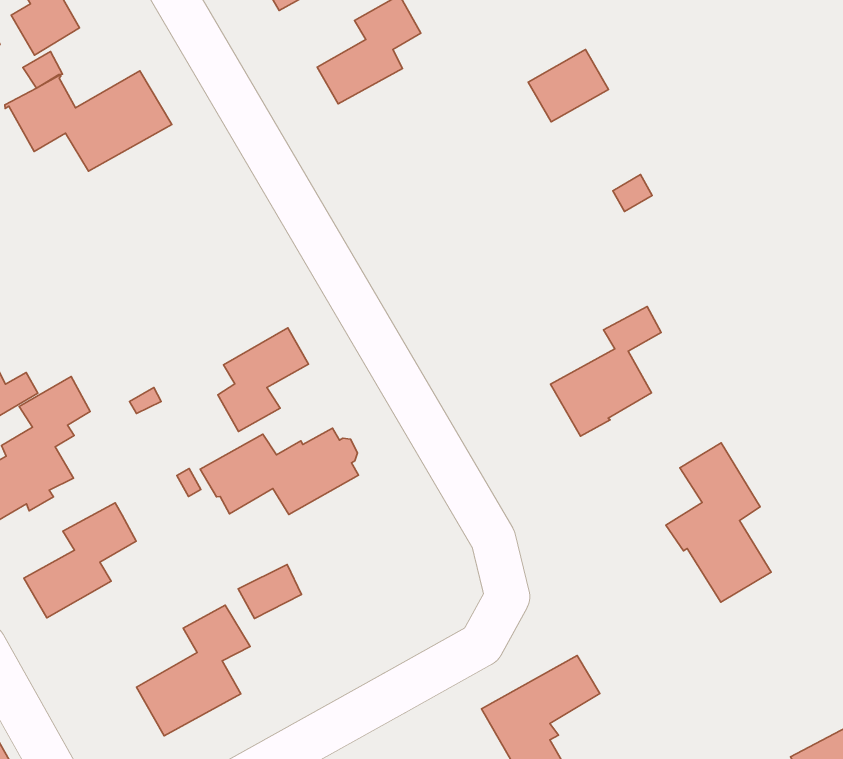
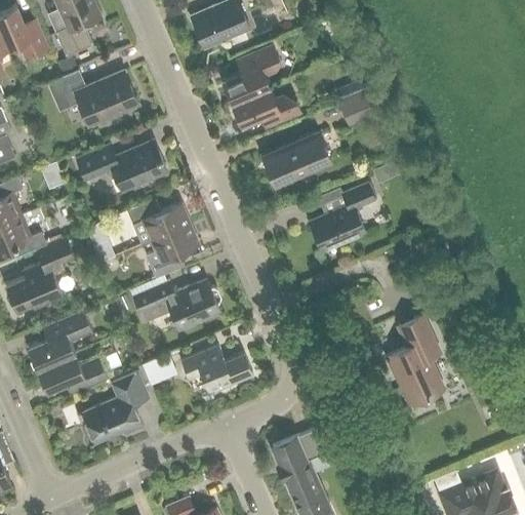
building: none -> [231,87,300,126]
building: none -> [264,133,328,182]
building: none -> [76,141,166,191]
building: none -> [126,198,189,245]
building: [550,306,661,436] -> [309,184,373,251]
building: none -> [180,346,252,394]
building: none -> [37,353,107,392]

